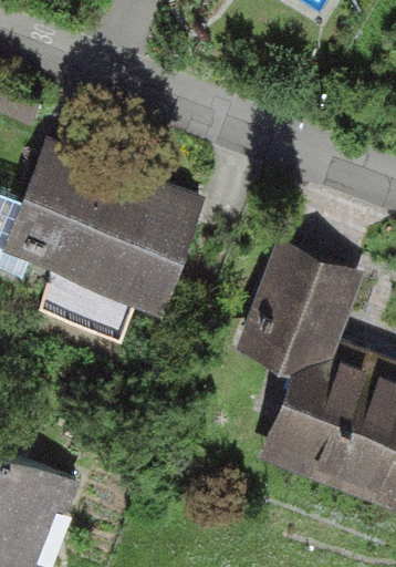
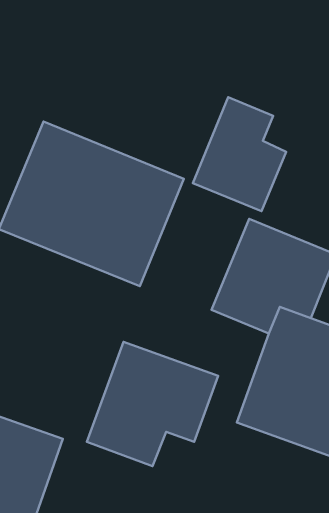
building: none -> [193,97,286,211]
building: none -> [87,342,218,466]

